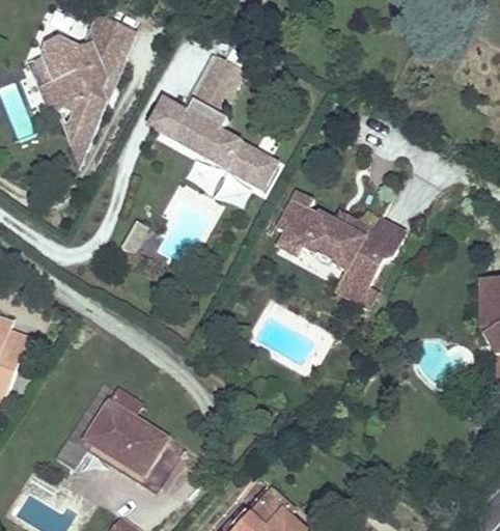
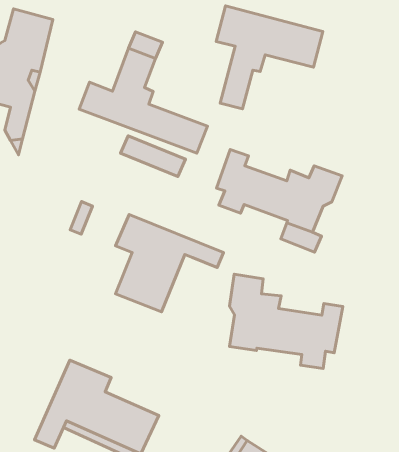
building: none -> [216,6,323,109]
building: none -> [116,214,224,312]
building: none -> [229,274,343,369]

